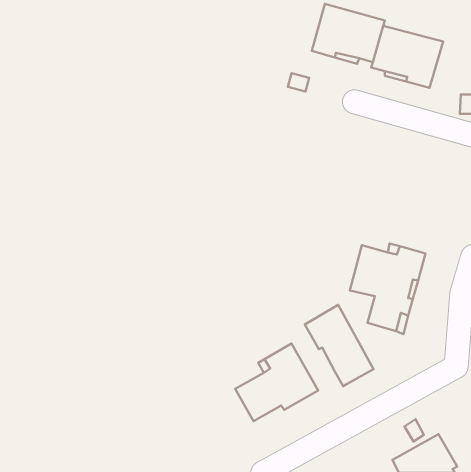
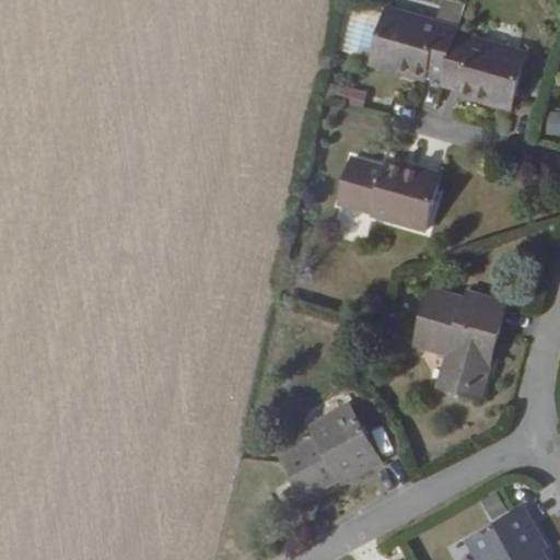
building: none -> [338,160,439,231]
building: [305,305,373,386] -> none

